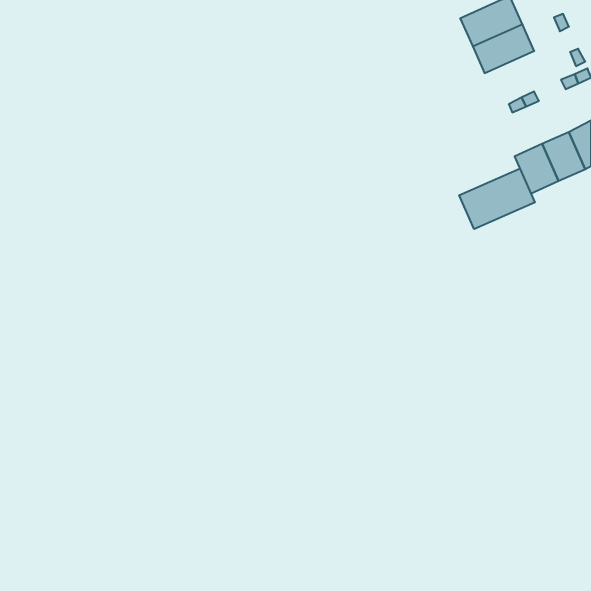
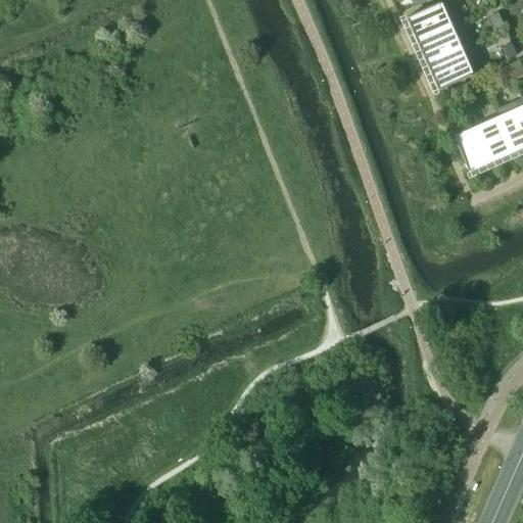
building: none -> [427,45,482,89]
building: [459,169,535,229] -> none

